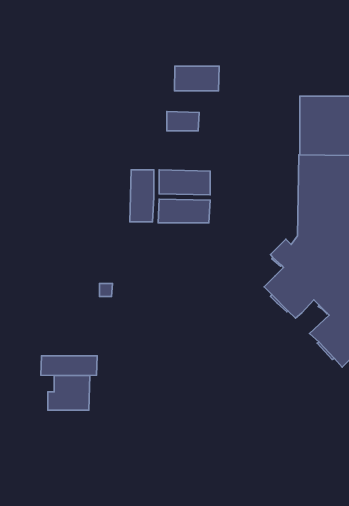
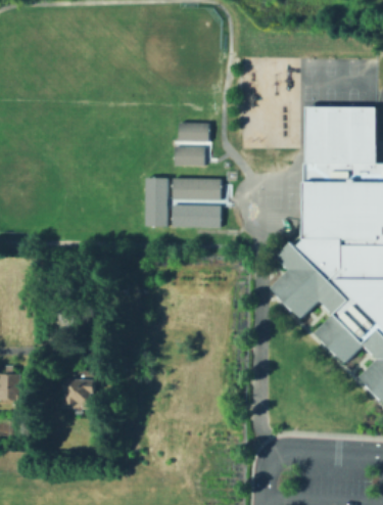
building: [174,66,219,91] -> none
building: none -> [175,145,204,165]
building: [41,356,97,376] -> none

